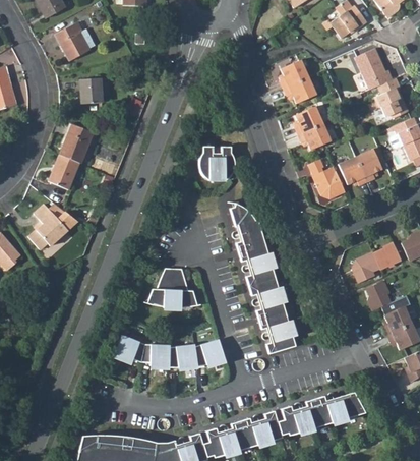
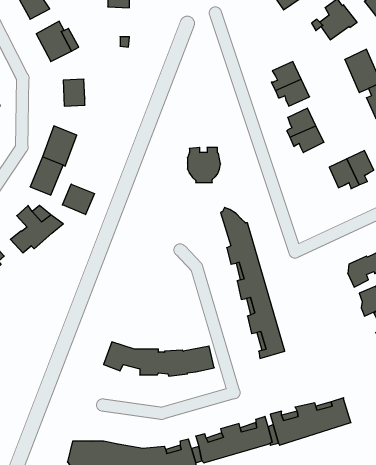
building: [309,159,346,199] -> none
building: none -> [62,184,94,215]
building: [149,269,197,311] -> none

